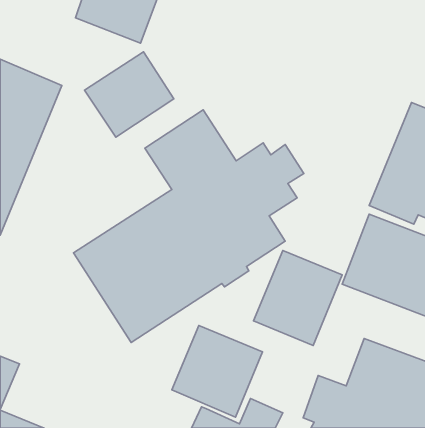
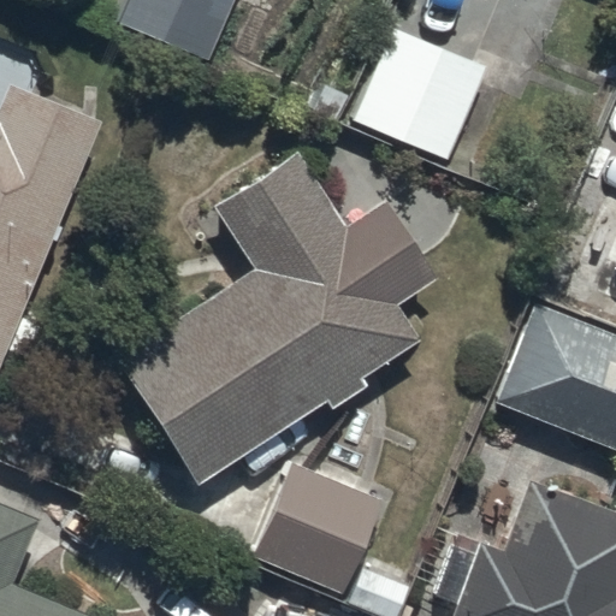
building: none -> [357,25,486,158]
building: [85,52,174,137] -> none
building: [254,251,342,346] -> none

